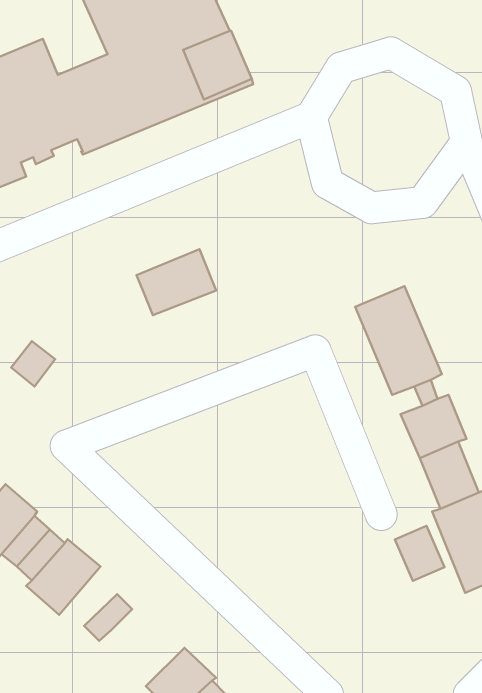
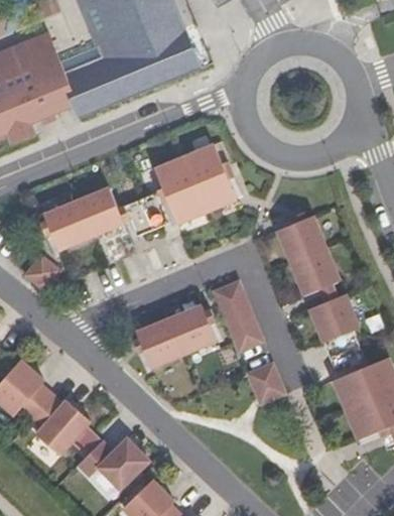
building: none -> [153,144,235,223]
building: none -> [42,186,122,249]
building: none -> [215,282,262,352]
building: none -> [136,306,216,368]
building: [395,526,444,581] -> [248,364,284,404]
building: none -> [98,439,149,490]

